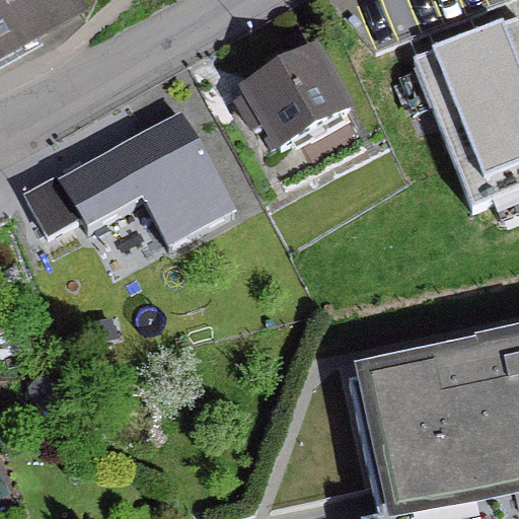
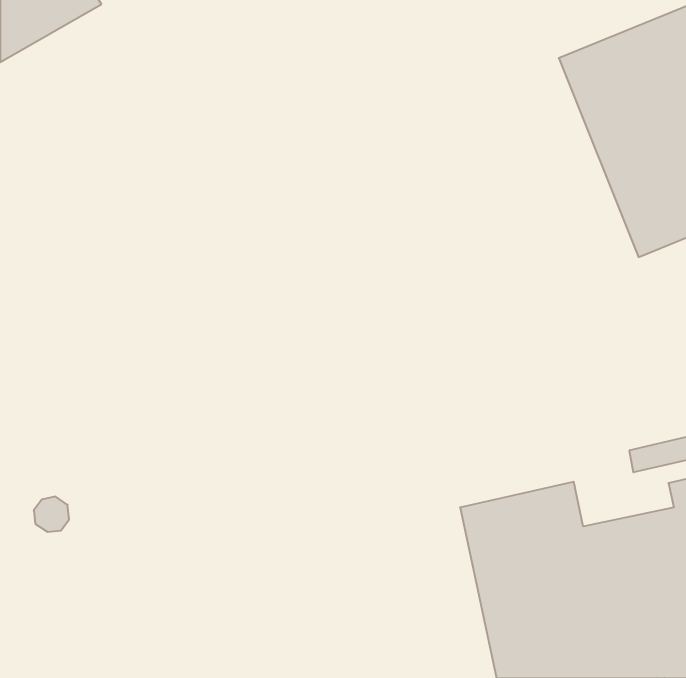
building: [237,45,348,145] -> none
building: [55,101,231,252] -> none

